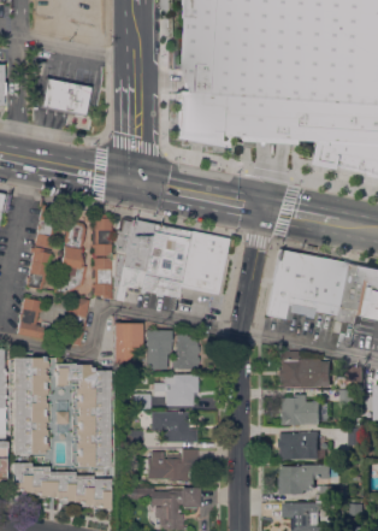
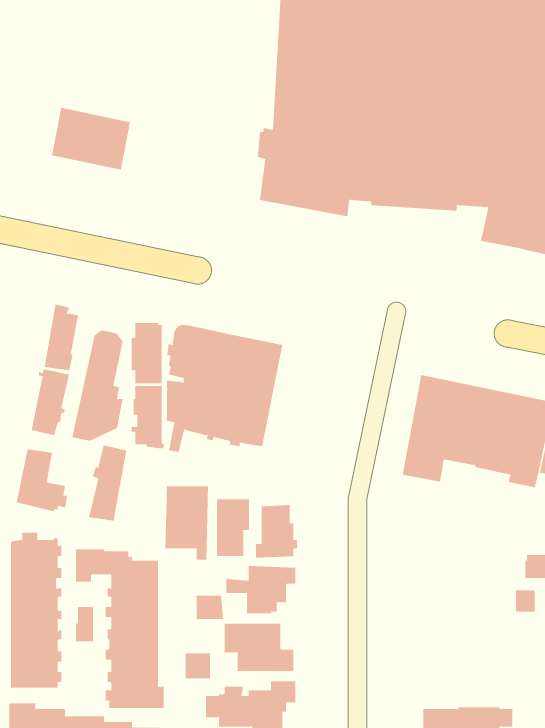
building: [179,230,229,294] -> none
building: [279,352,331,385] -> none
building: [280,394,321,424] -> none
building: [277,432,319,459] -> none

